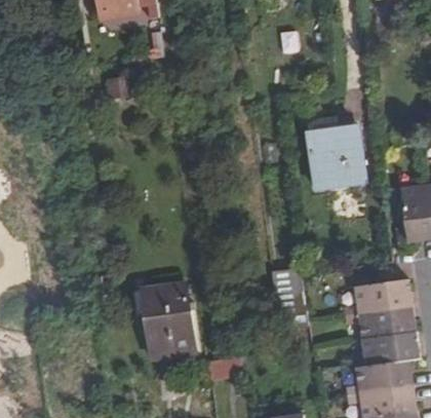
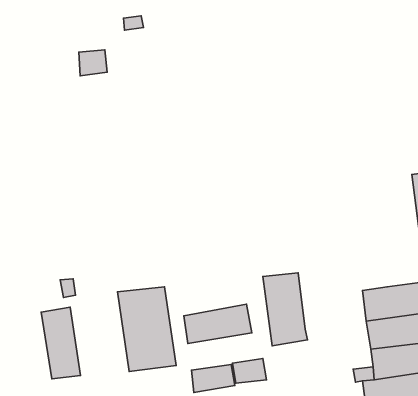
building: [306,121,367,188] -> none
building: none -> [184,304,252,343]
building: none -> [41,307,80,379]

